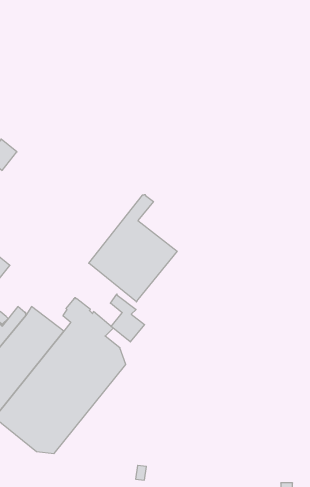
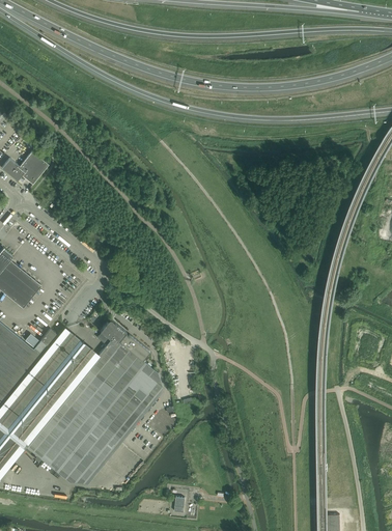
building: [89,195,177,302] -> none
building: [110,294,145,342] -> none

